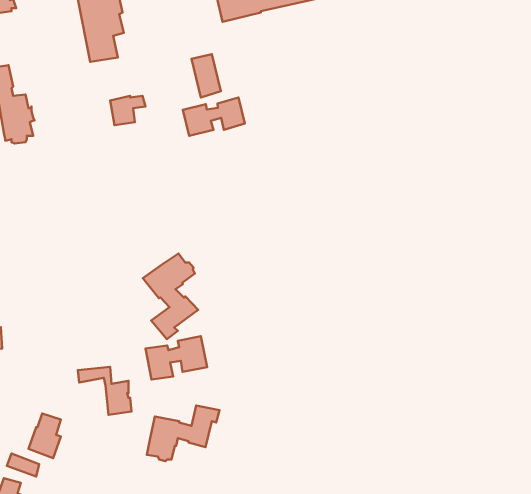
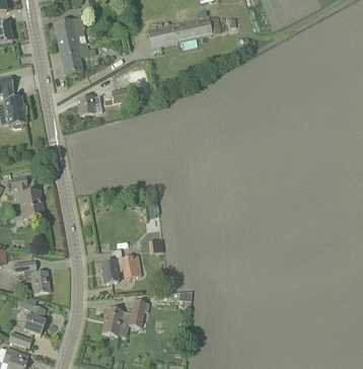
building: [183,97,245,136] -> none
building: none -> [9,176,44,218]
building: [143,254,198,339] -> none
building: [78,367,132,415] -> [13,262,49,293]

